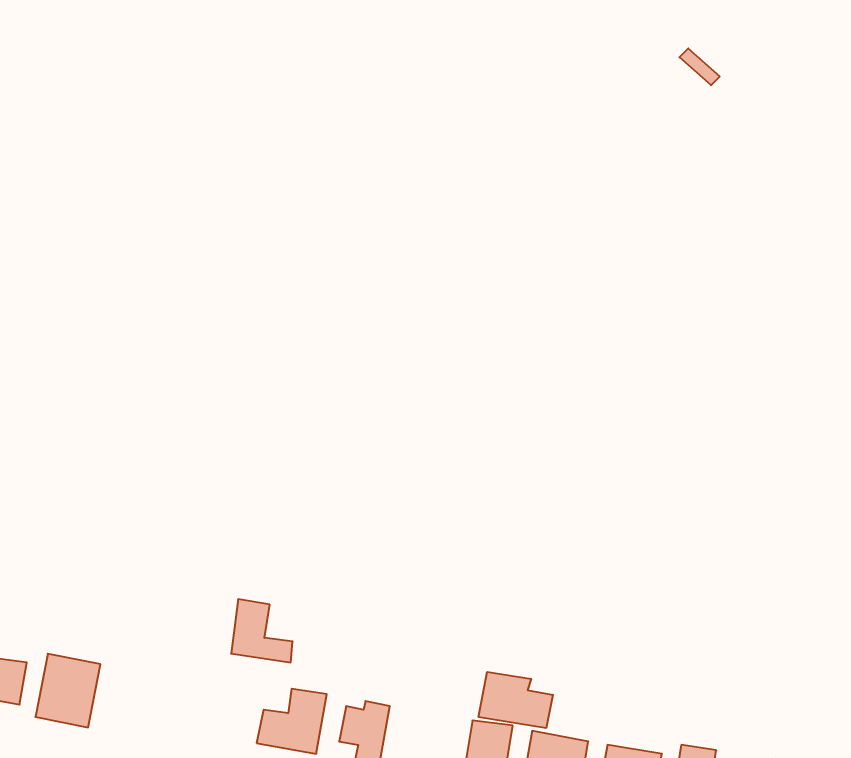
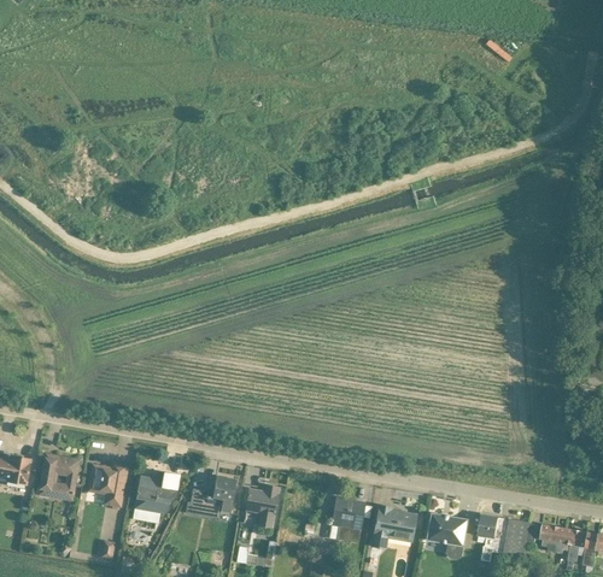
building: [231,599,293,662] -> [135,470,177,513]
building: none -> [87,461,129,507]
building: [479,672,553,728] -> none

